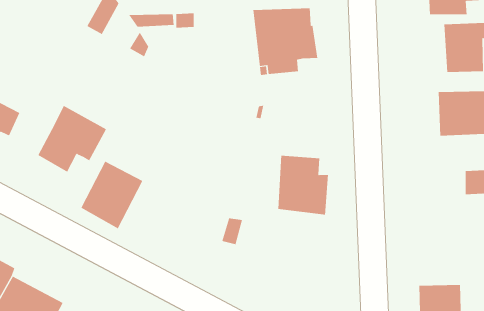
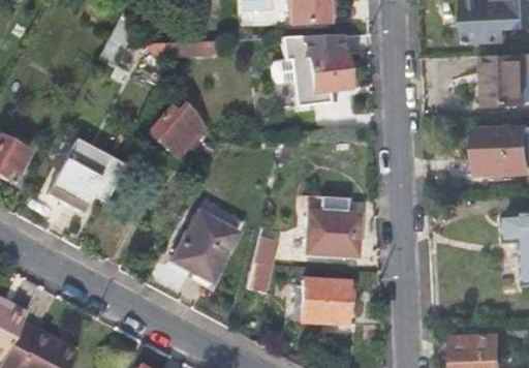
building: none -> [148,99,206,157]
building: [81,161,143,229] -> [172,209,239,282]
building: none -> [293,276,356,328]

